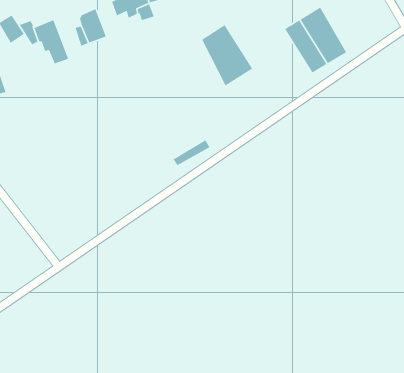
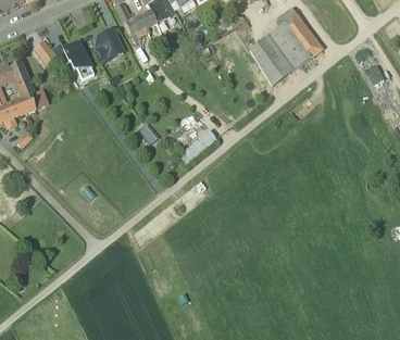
building: [201,24,253,86] -> [250,33,295,84]

